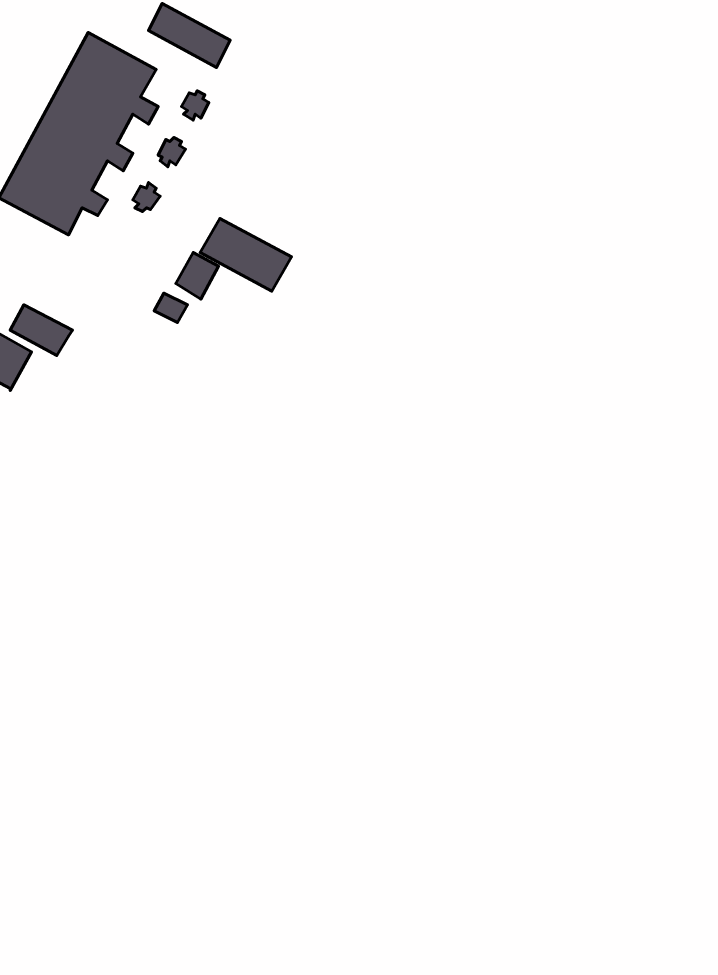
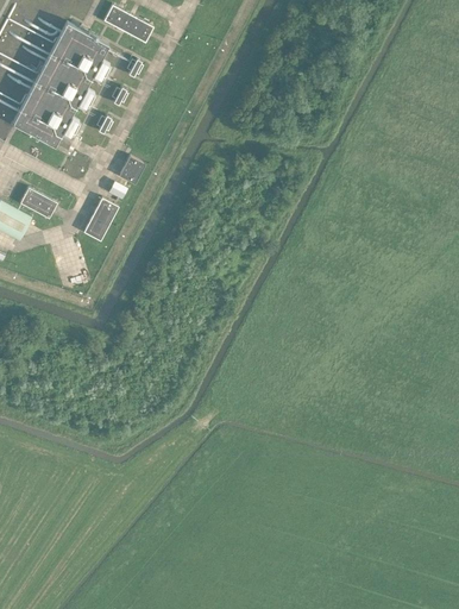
building: [200,218,291,291] -> none
building: none -> [82,197,118,241]

